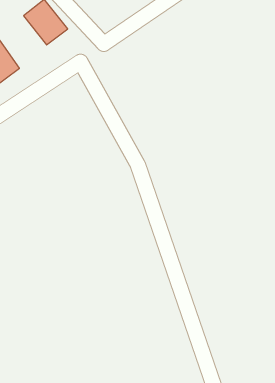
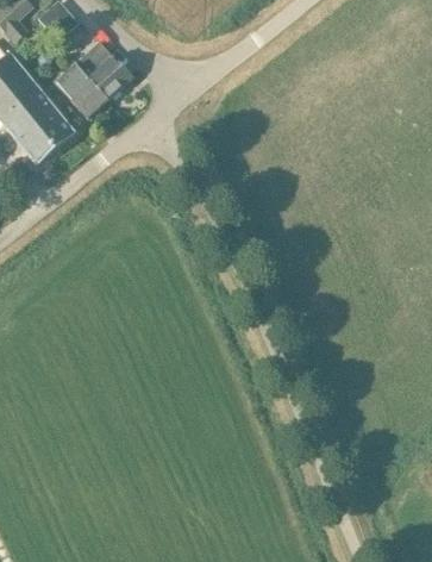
building: none -> [55,64,106,117]

